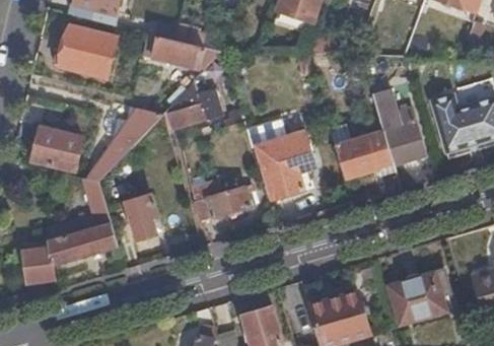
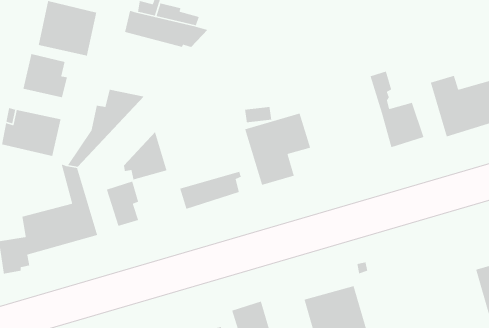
building: none -> [23,53,68,98]
building: [163,80,205,127] -> [123,131,167,181]
building: [335,130,392,178] -> none
building: [390,269,450,323] -> none

